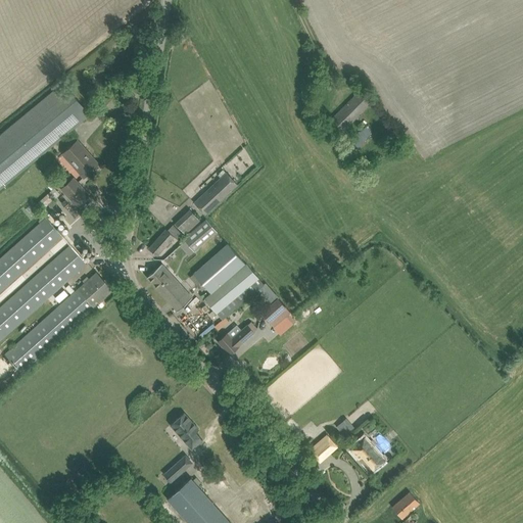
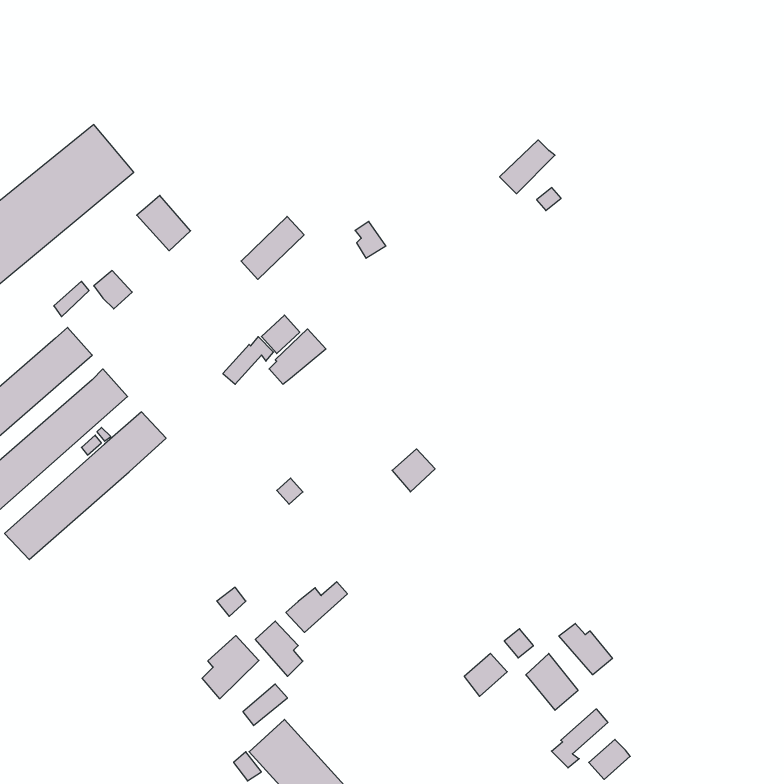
building: [61,141,97,178] -> [137,195,191,251]
building: [194,174,236,216] -> [241,216,304,279]
building: [194,244,264,321] -> none
building: [146,265,191,312] -> none
building: [217,322,257,355] -> [286,582,347,632]
building: none -> [559,623,612,675]
building: none -> [202,636,259,699]
building: none -> [551,709,608,768]

